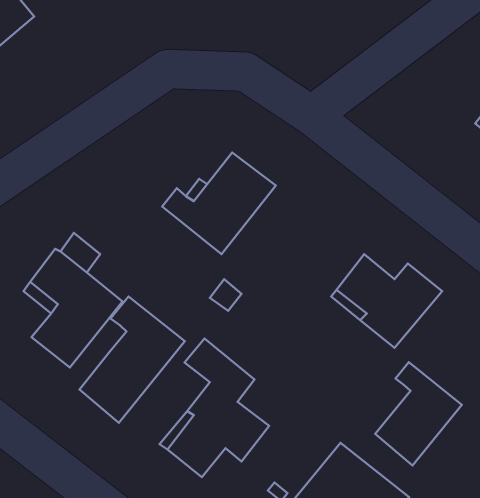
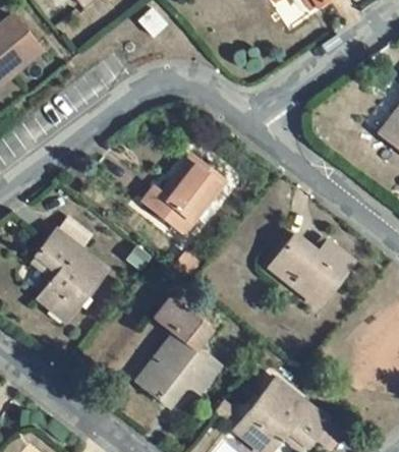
building: [79,297,185,423] -> none
building: [375,362,462,465] -> none

